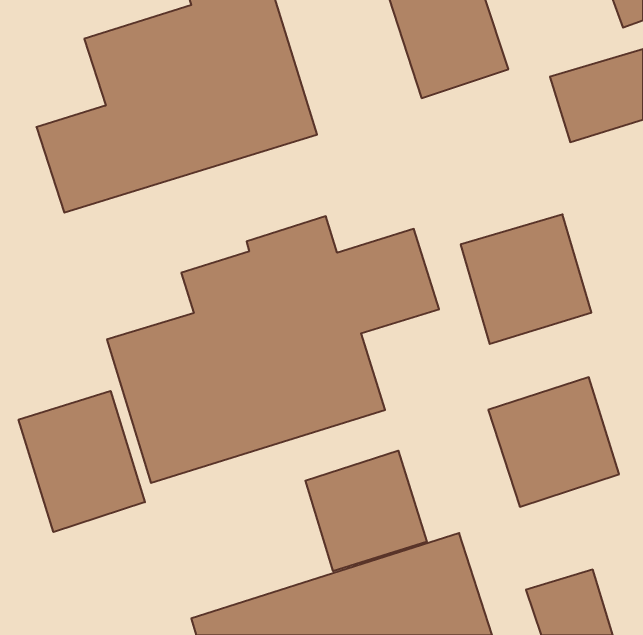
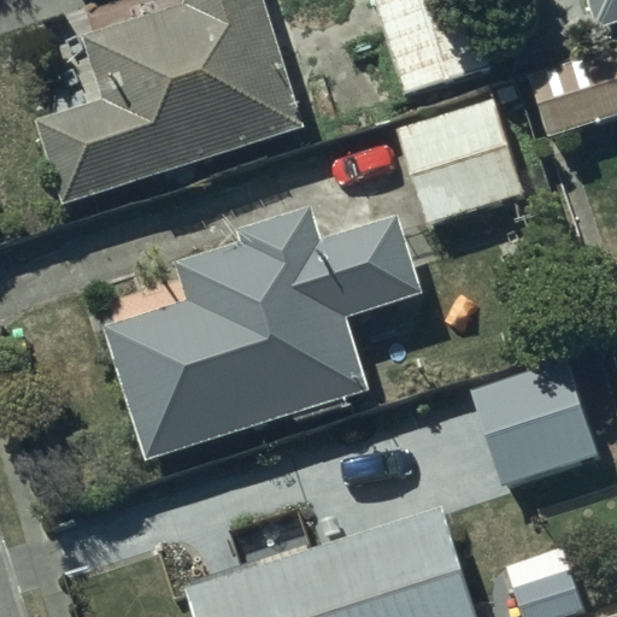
building: [461,214,591,344] -> [398,99,523,223]
building: [19,391,145,532] -> none
building: [305,451,427,571] -> none

